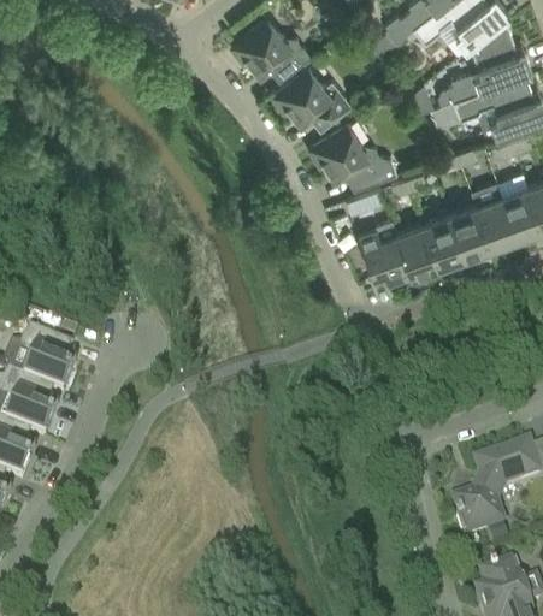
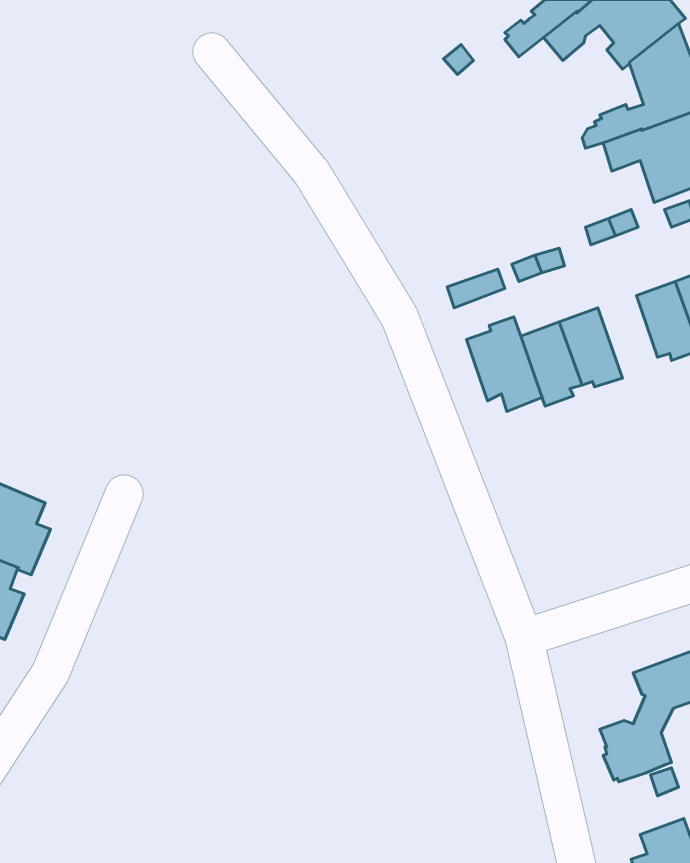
building: [230,18,311,82] -> none
building: [272,67,352,131] -> none
building: [308,124,395,189] -> none
building: [449,206,490,262] -> none

